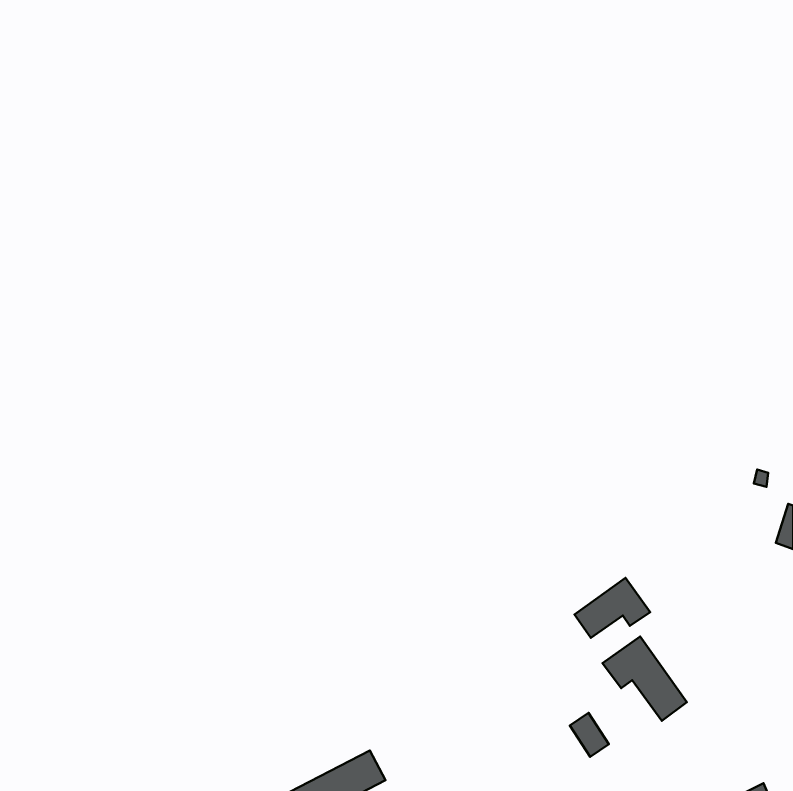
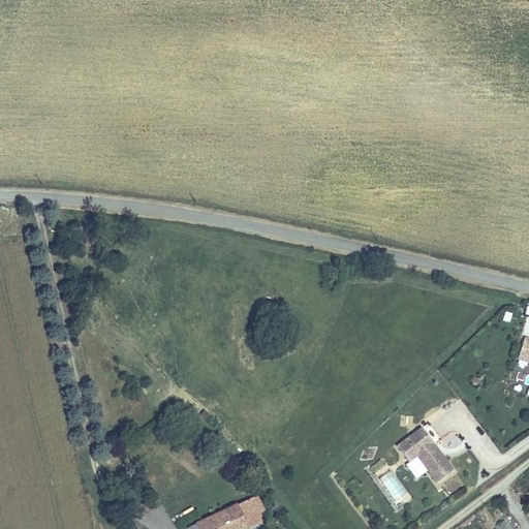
building: [575,578,650,638] -> none

